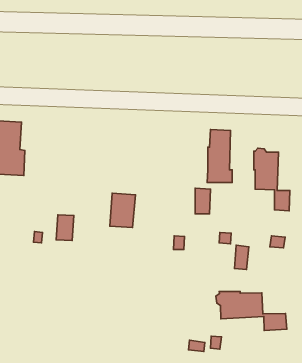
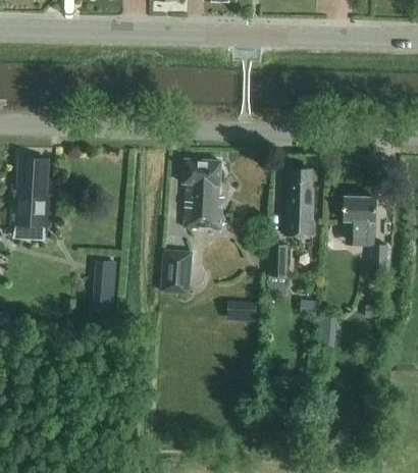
building: none -> [182,159,222,228]
building: [216,291,287,330] -> none

